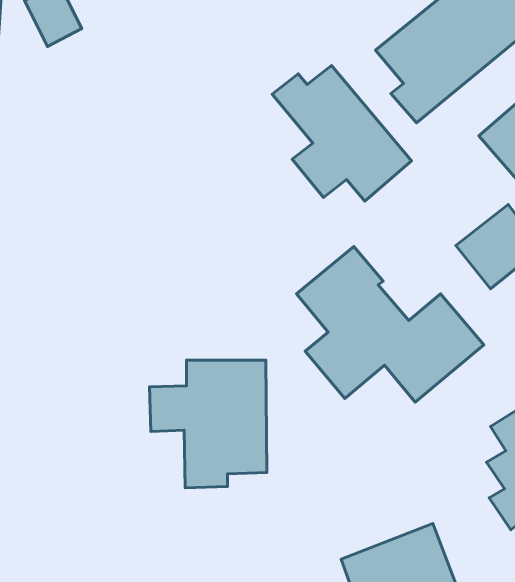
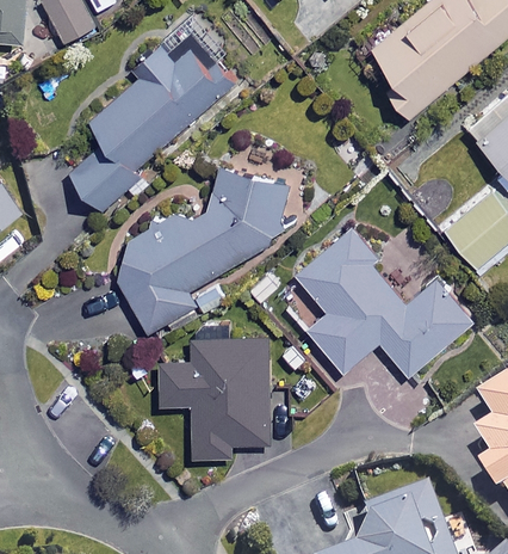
building: none -> [72,24,237,211]
building: [272,65,411,201] -> none
building: none -> [111,168,286,332]

